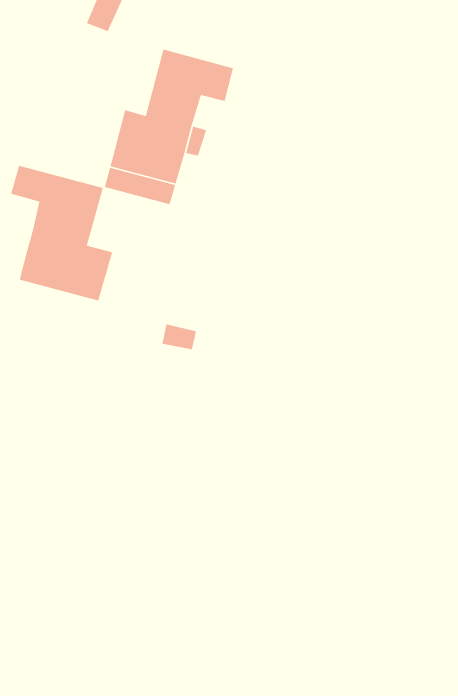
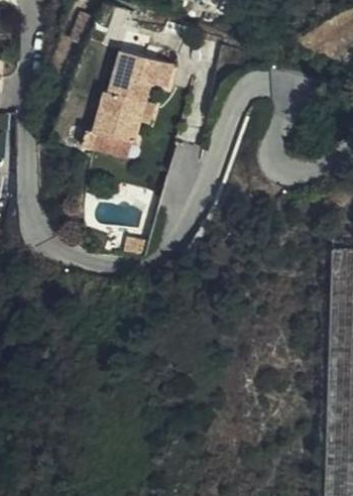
building: [10,165,113,302] -> none

